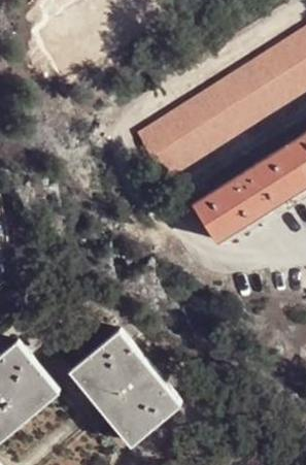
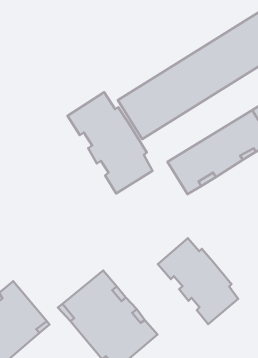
building: none -> [68,92,153,193]
building: none -> [158,238,238,324]

